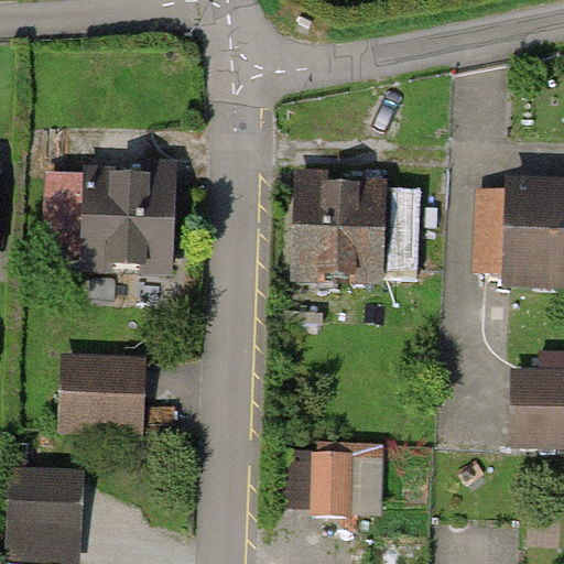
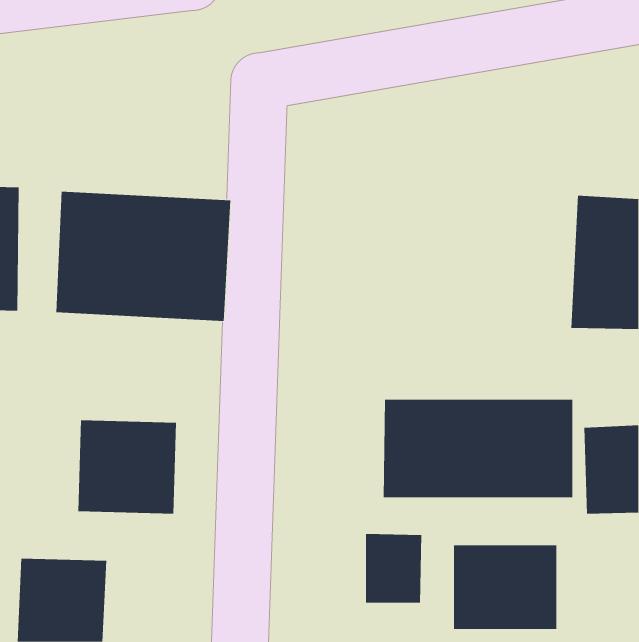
building: [274,178,394,280] -> none
building: none -> [383,399,573,498]
building: none -> [453,544,557,630]

